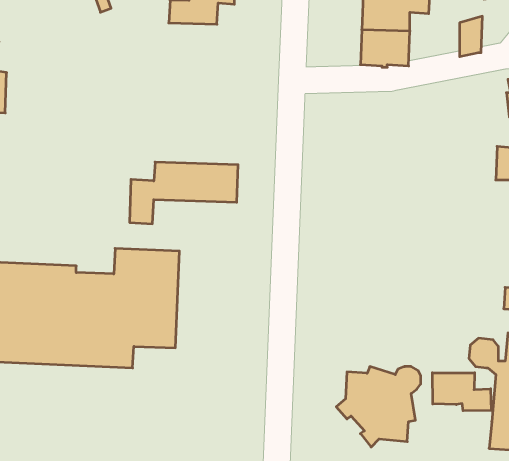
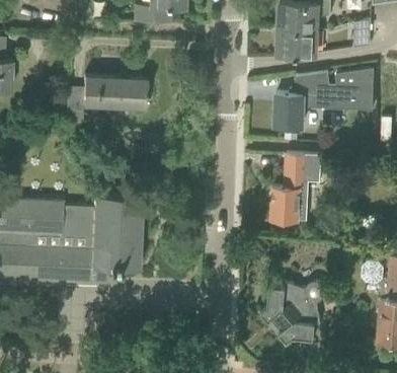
building: none -> [276,67,375,126]
building: [130,162,238,224] -> [66,75,148,122]
building: none -> [272,152,322,220]
building: [432,373,491,411] -> none

